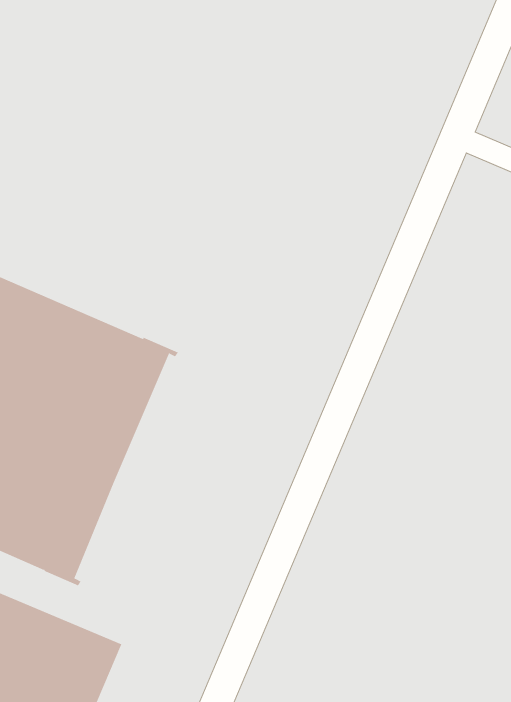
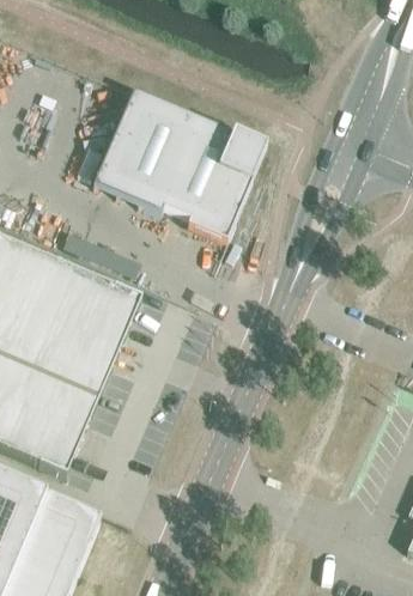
building: none -> [92,90,259,235]

